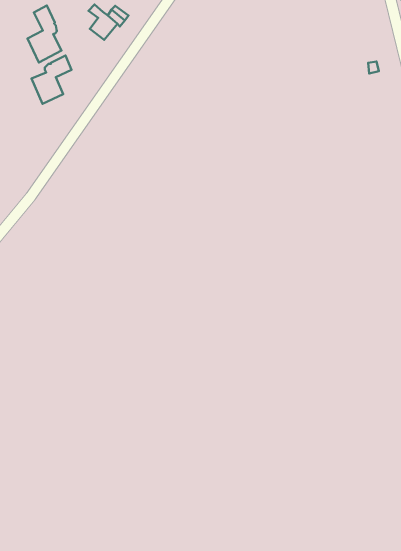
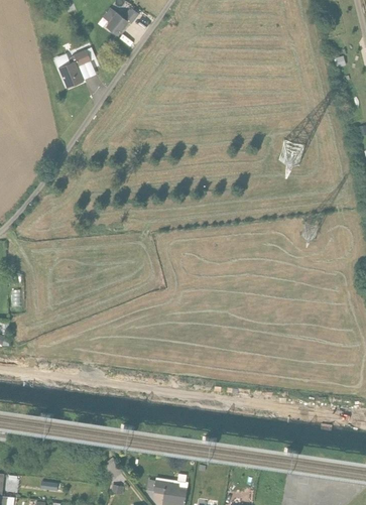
building: [27,5,62,63] -> none

